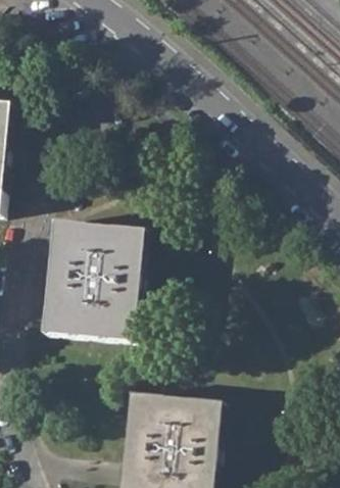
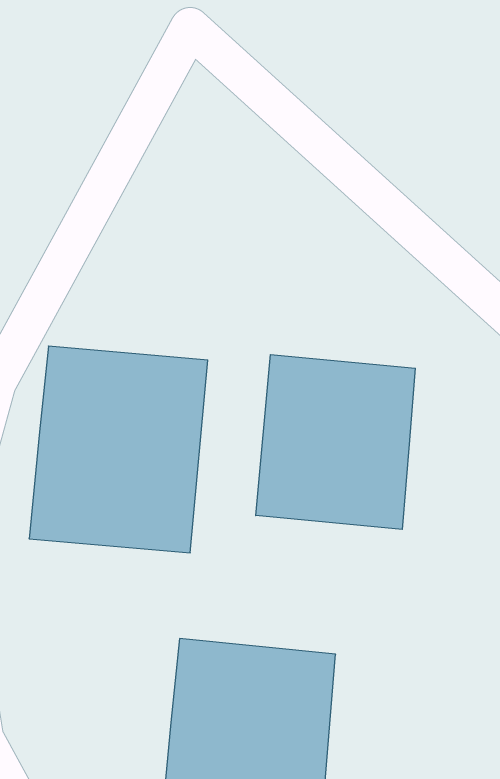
building: none -> [256,355,415,529]

